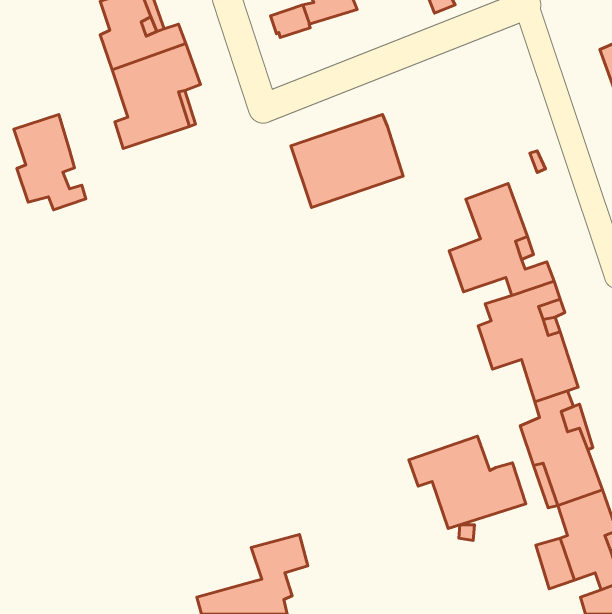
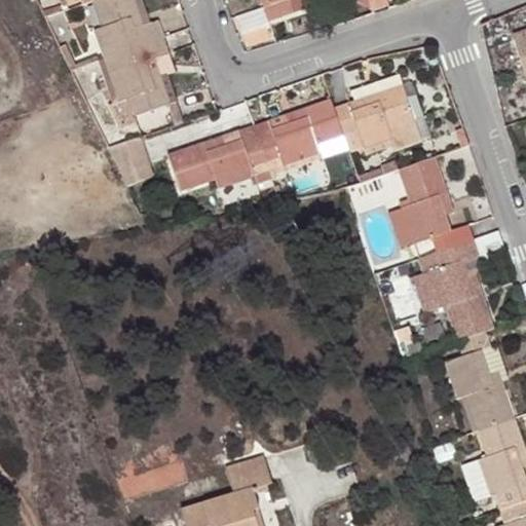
building: none -> [334,75,421,156]
building: [14,115,86,210] -> none
building: none -> [164,124,270,191]
building: none -> [107,136,151,185]
building: [409,436,526,528] -> none

